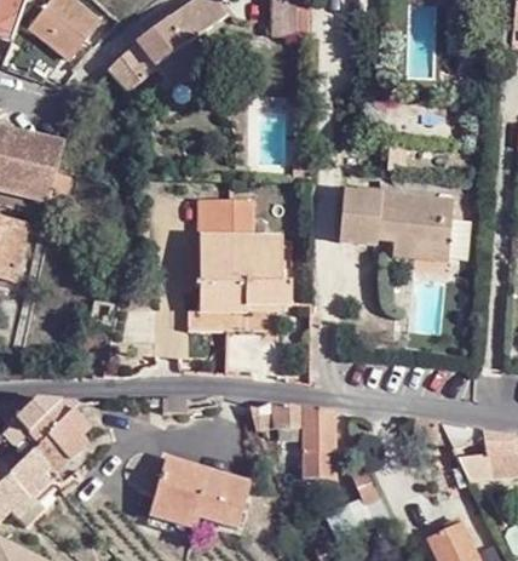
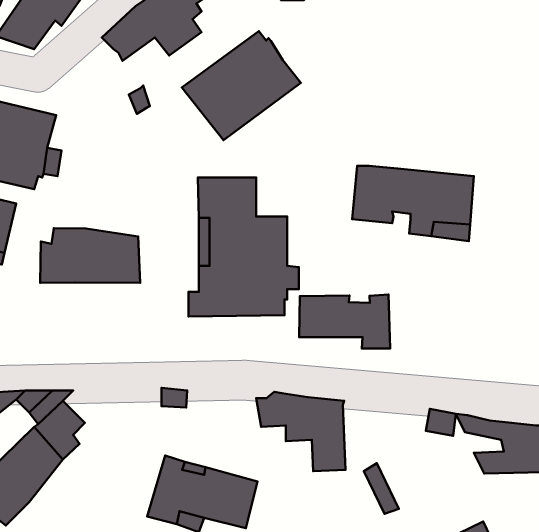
building: none -> [182,31,301,140]
building: none -> [40,228,140,283]
building: none -> [299,295,390,348]

